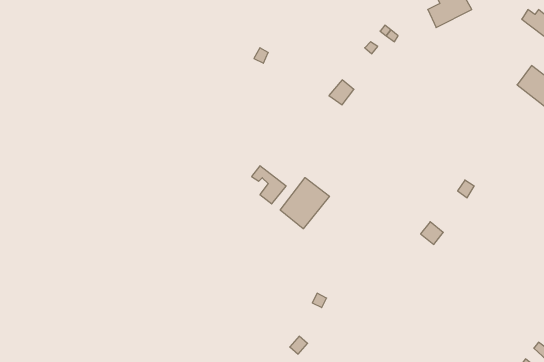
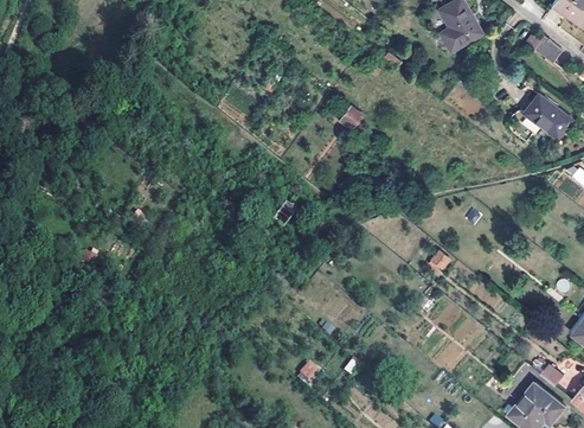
building: [280,178,329,229] -> none

